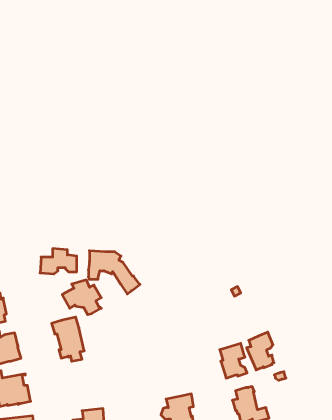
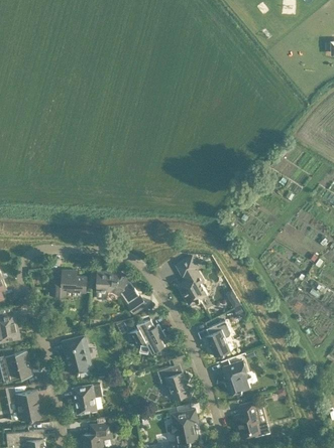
building: none -> [177,256,207,304]
building: [62,280,101,315] -> [128,319,165,352]
building: [247,332,274,370] -> [206,320,232,356]
building: none -> [157,366,190,399]
building: none -> [73,384,103,414]

